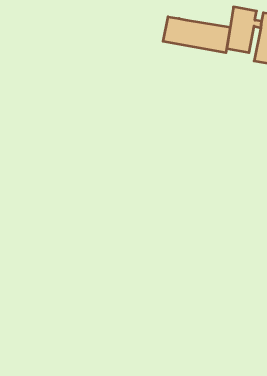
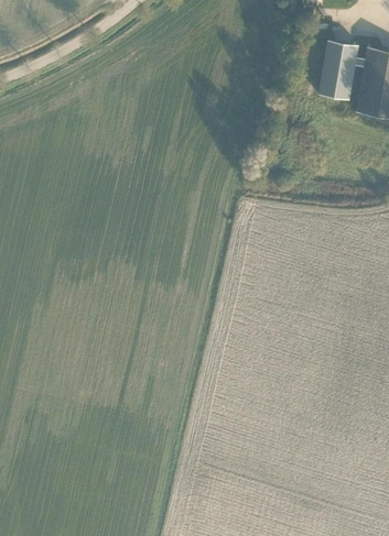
building: [163,17,230,53] -> none

